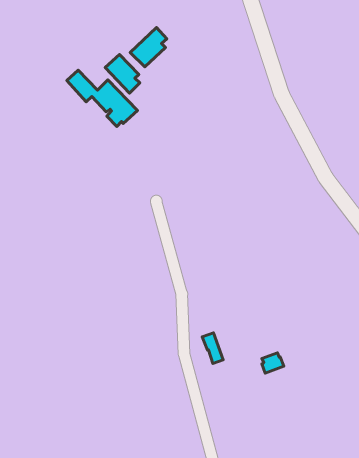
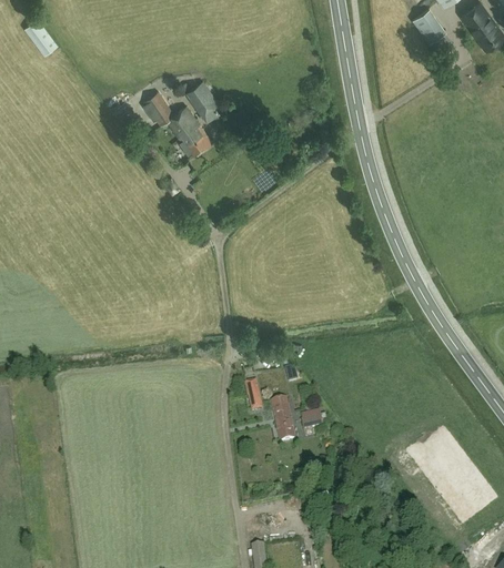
building: [130,28,167,67] -> none
building: none -> [271,397,294,442]

